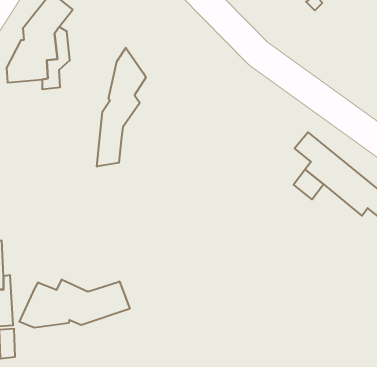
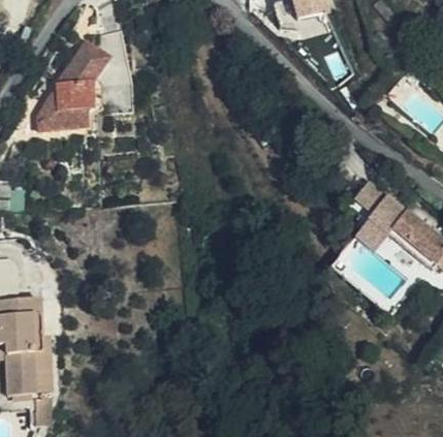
building: [97,48,146,167] -> none
building: [19,279,130,328] -> none

